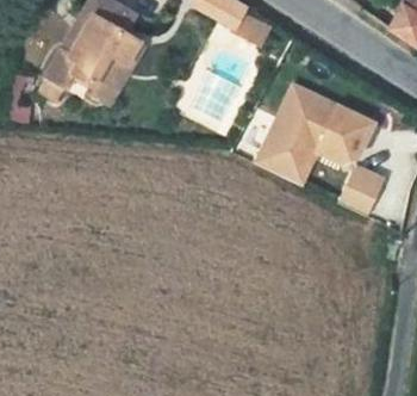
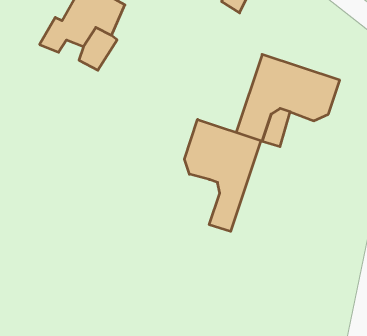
building: none -> [184,119,261,231]
building: [342,165,385,210] -> none

